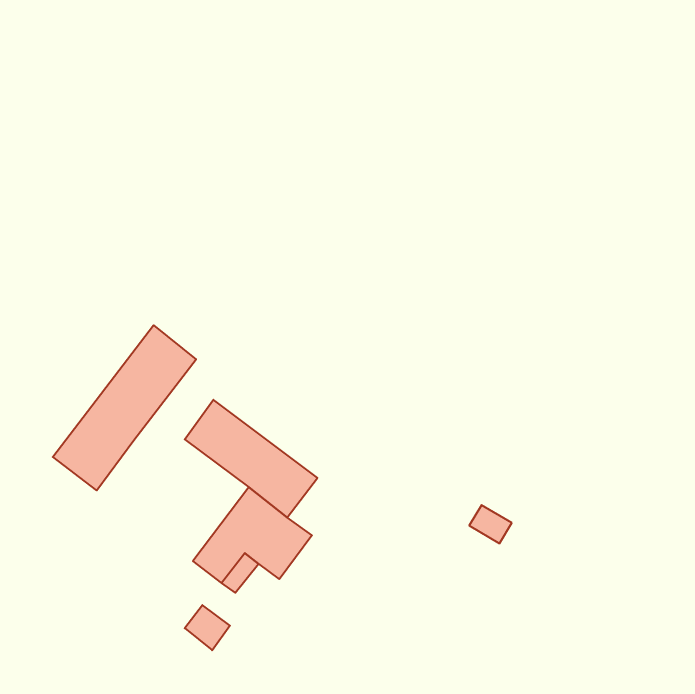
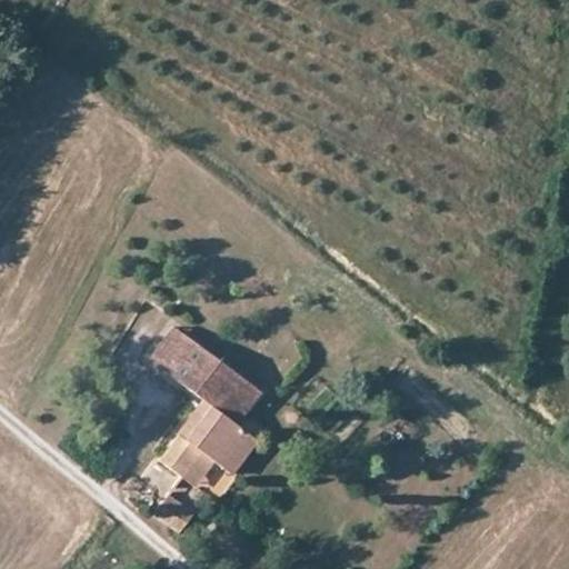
building: [53,325,196,490] -> none

